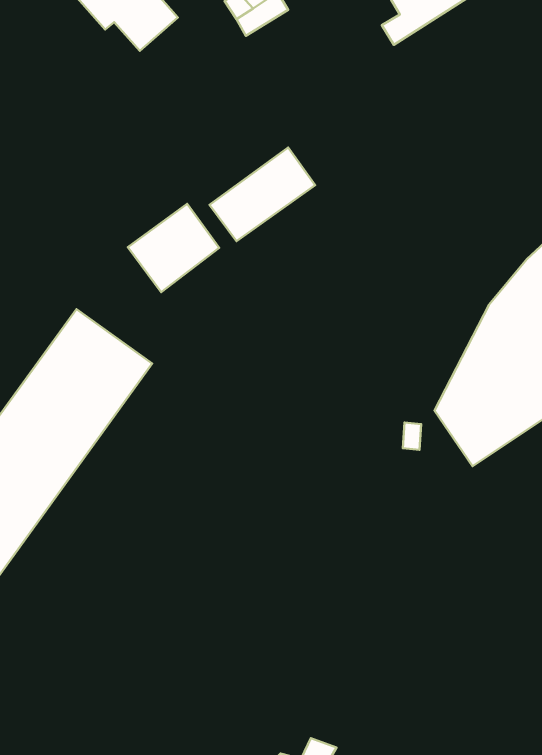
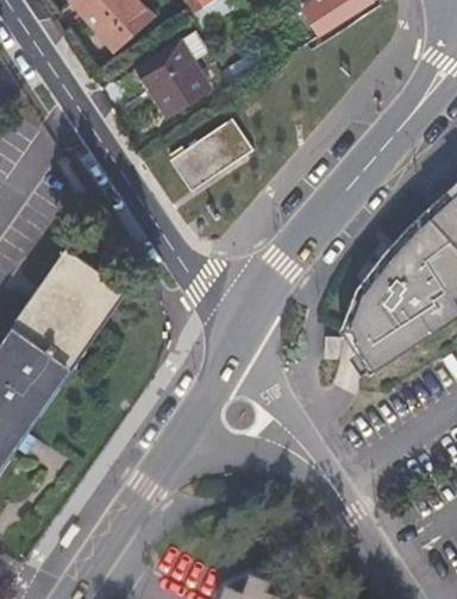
building: none -> [138,44,209,118]
building: [128,204,219,292] -> none

